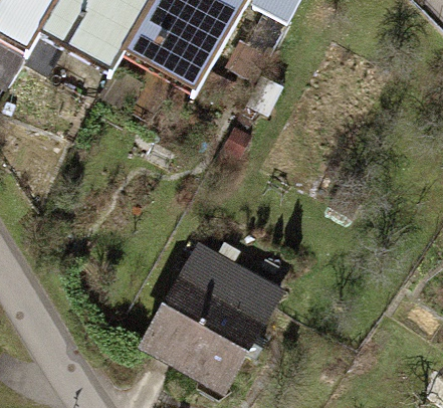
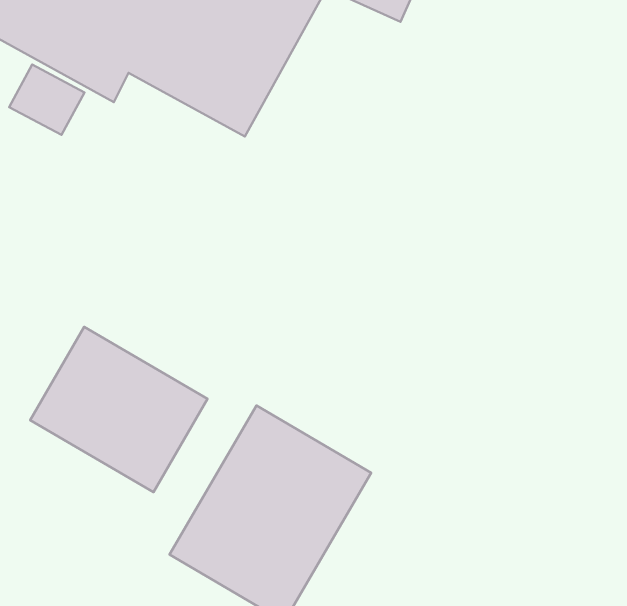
building: none -> [30,327,208,492]

